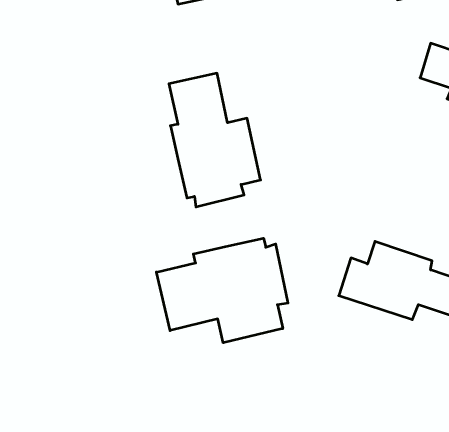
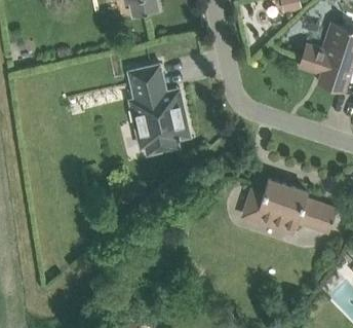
building: [156,238,288,343] -> none

